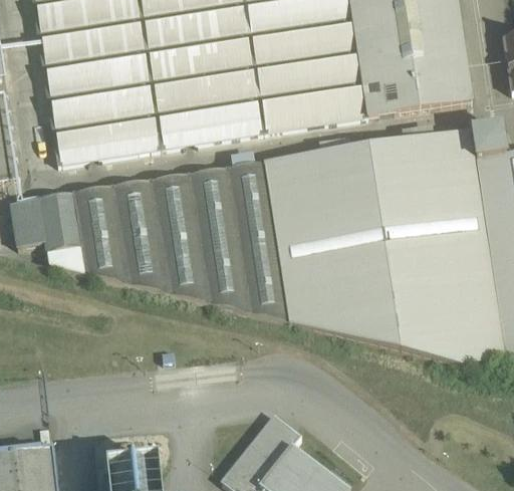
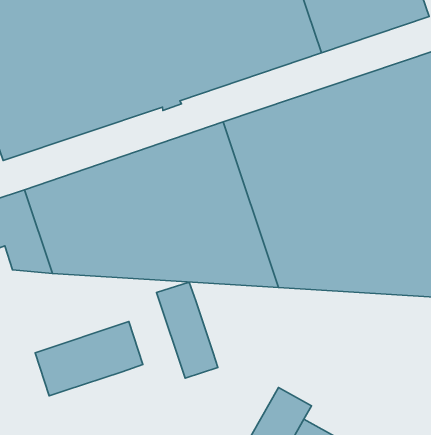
building: none -> [157,282,218,378]
building: none -> [35,322,143,396]

